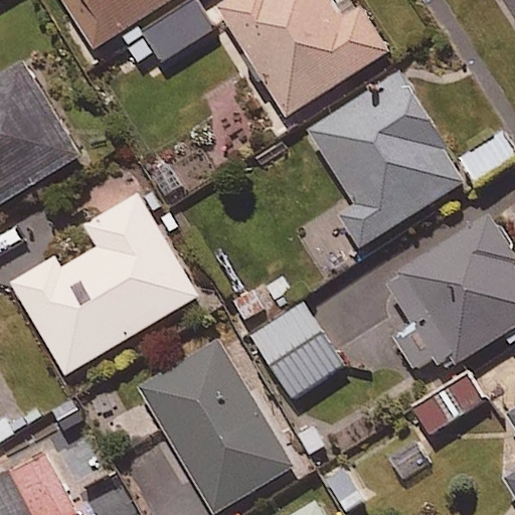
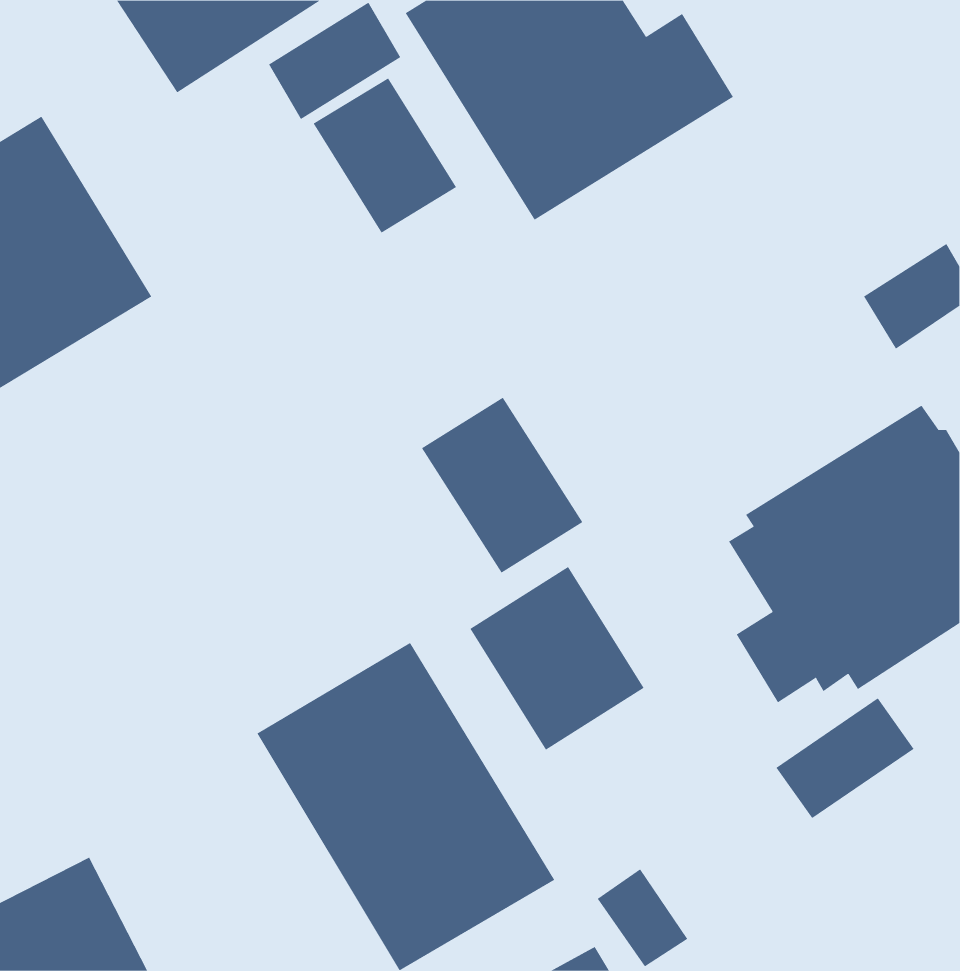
building: none -> [313,77,457,233]
building: [305,70,464,250] -> none
building: [10,194,199,375] -> none
building: none -> [421,397,583,574]

